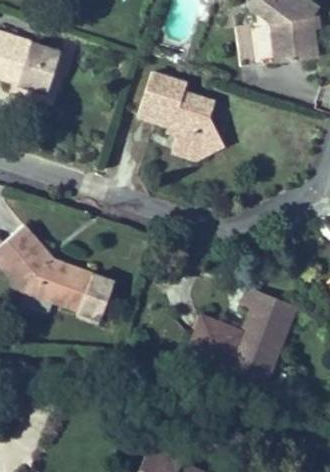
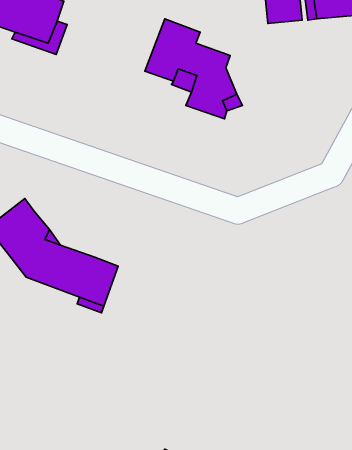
building: [187,274,301,380] -> none

